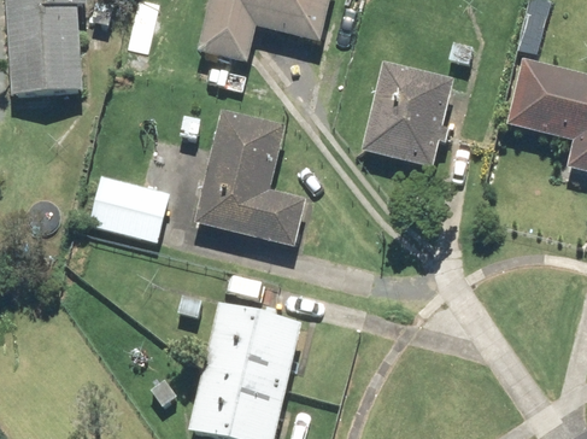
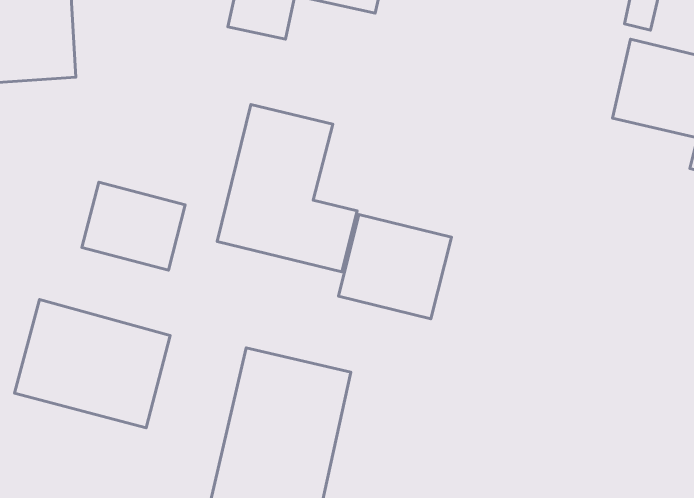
building: [364,62,456,164] -> none
building: none -> [338,215,451,319]
building: none -> [15,300,170,428]

